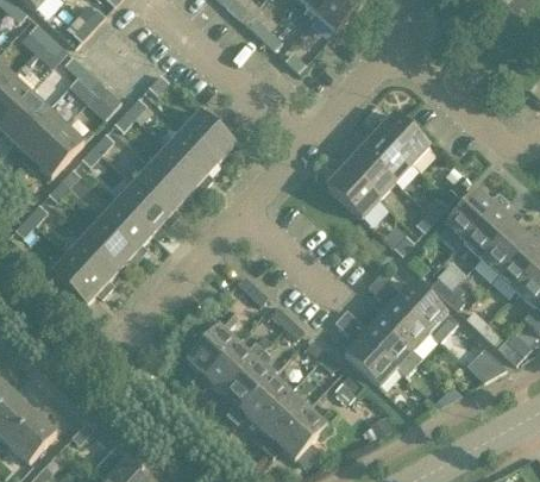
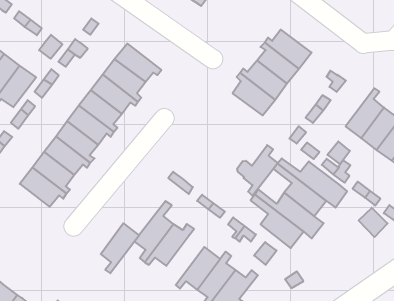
building: [445,188,503,240] -> none
building: none -> [237,145,278,196]
building: [222,357,272,418] -> [101,223,139,273]

